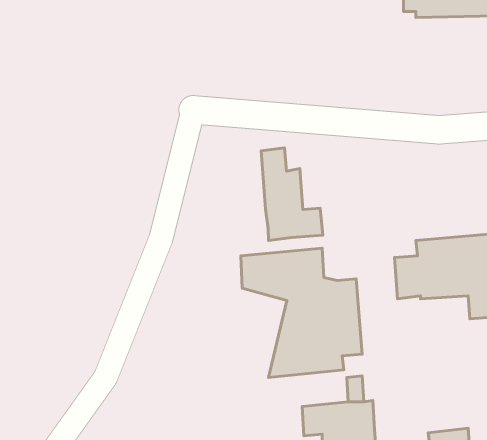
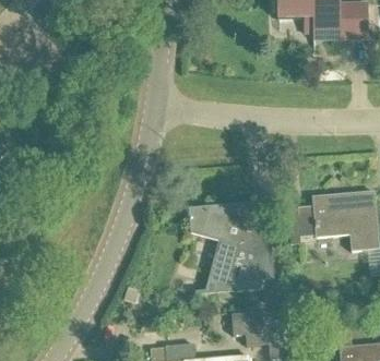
building: [261,148,323,240] -> none

